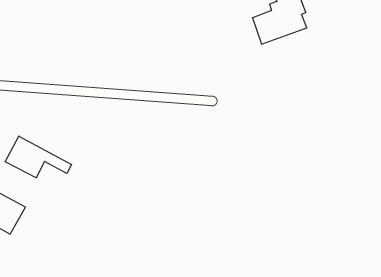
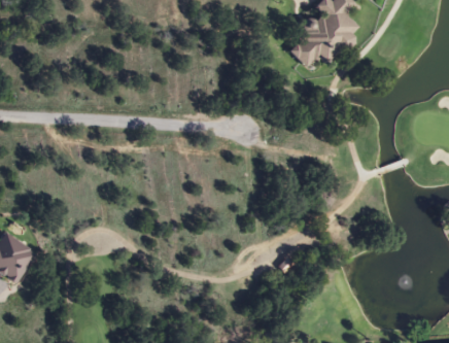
building: [5,136,72,178] -> none

